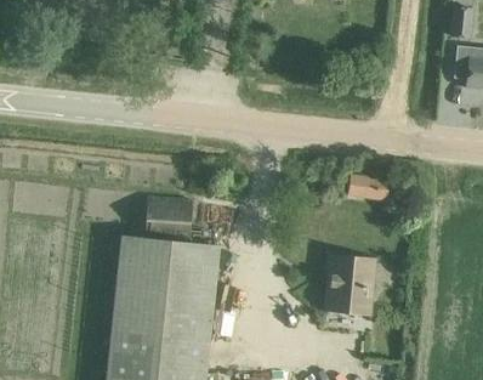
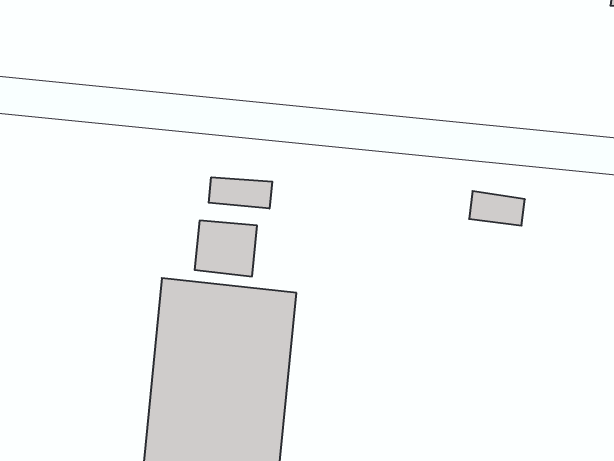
building: none -> [209,177,272,209]
building: [326,254,375,316] -> none

